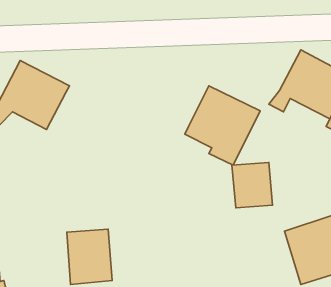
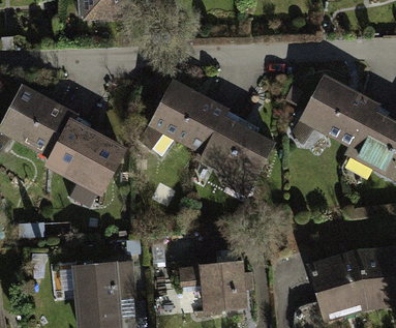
building: none -> [149,78,226,154]
building: none -> [47,118,124,200]
building: [232,162,273,208] -> [199,265,242,314]

